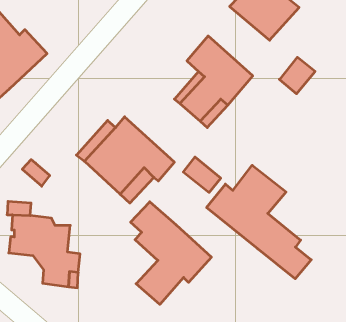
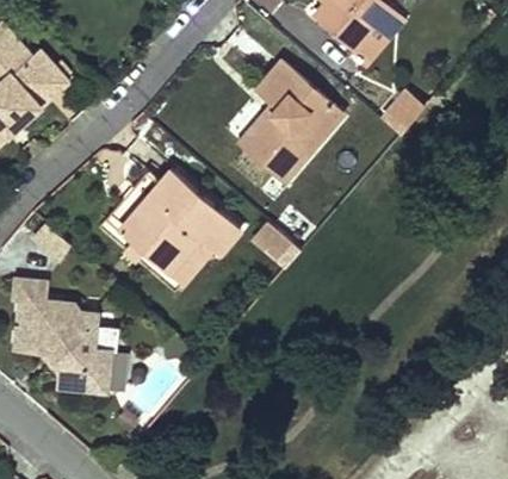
building: [207,165,311,279] -> none
building: [131,202,211,304] -> none

